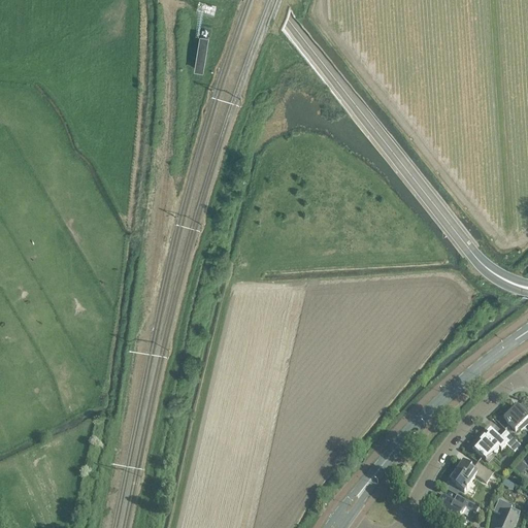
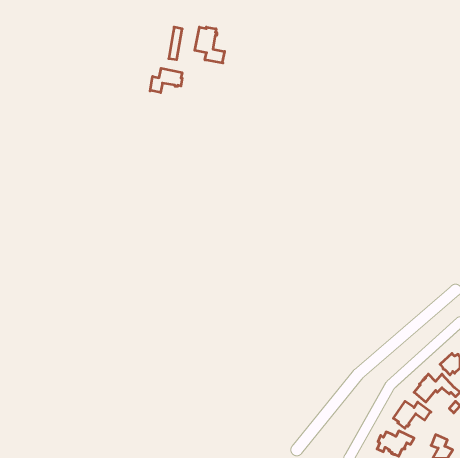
building: none -> [195,27,225,63]
building: none -> [150,68,182,93]

